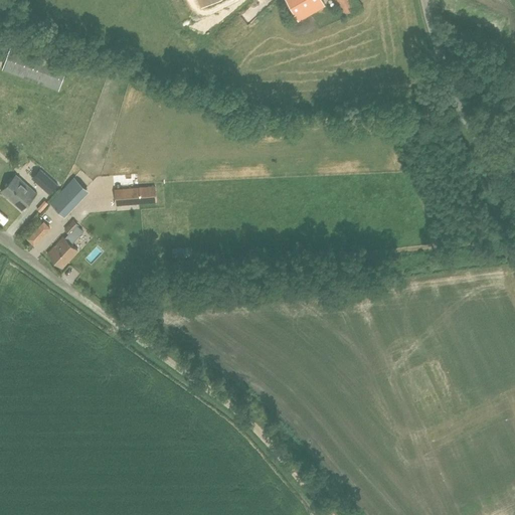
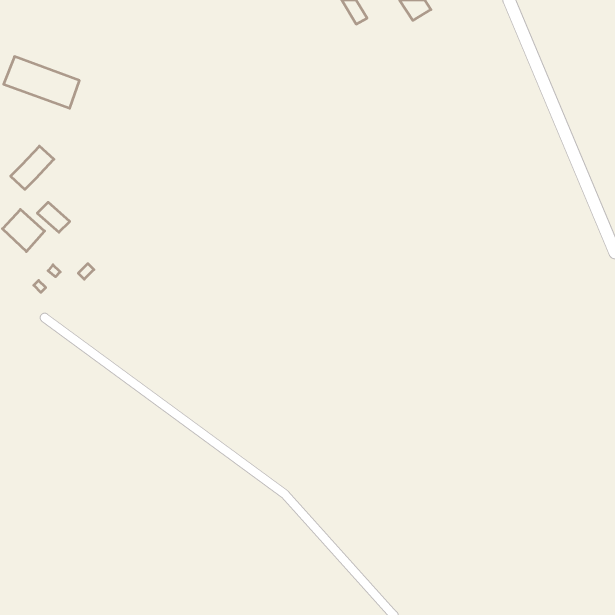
building: [50,177,87,213] -> [11,146,54,189]
building: [116,186,157,204] -> none
building: [47,236,78,268] -> none

